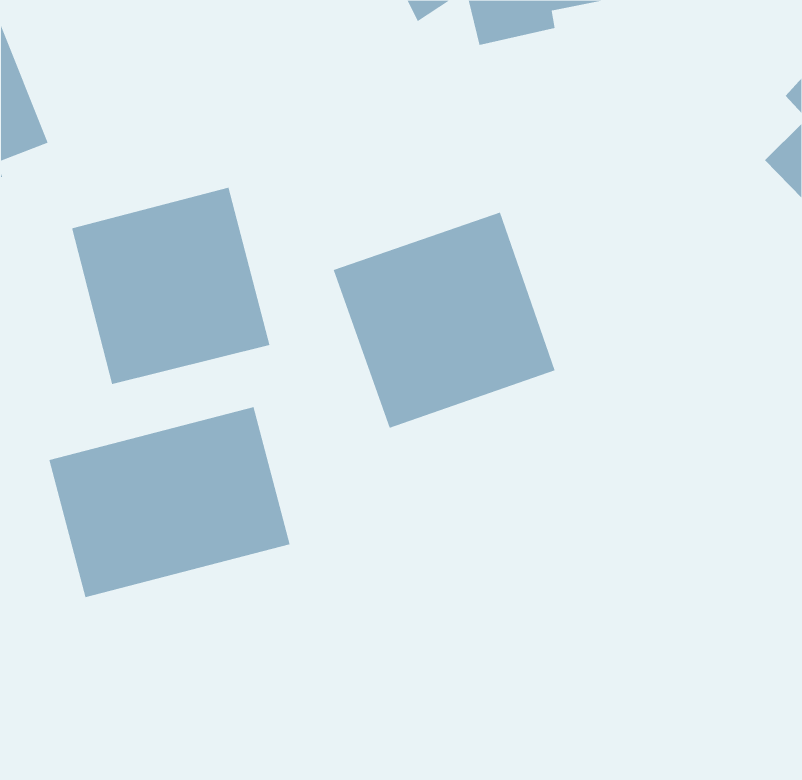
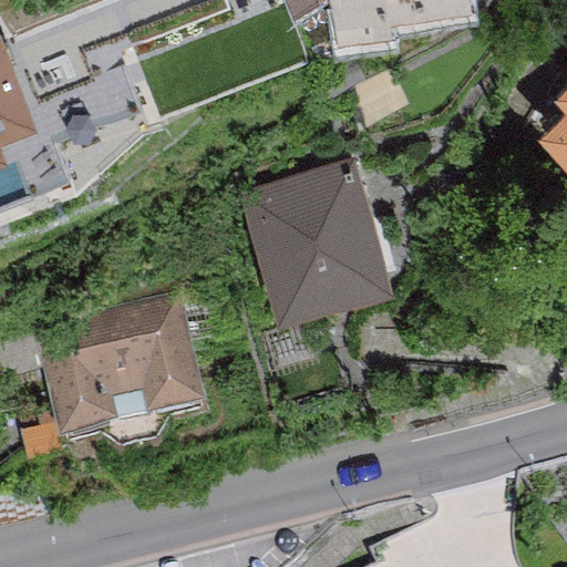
building: [72,187,270,385] -> none

